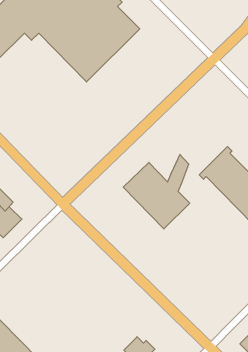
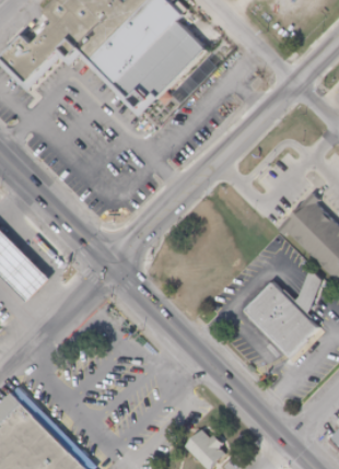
building: [123,154,190,229] -> [237,269,319,361]

